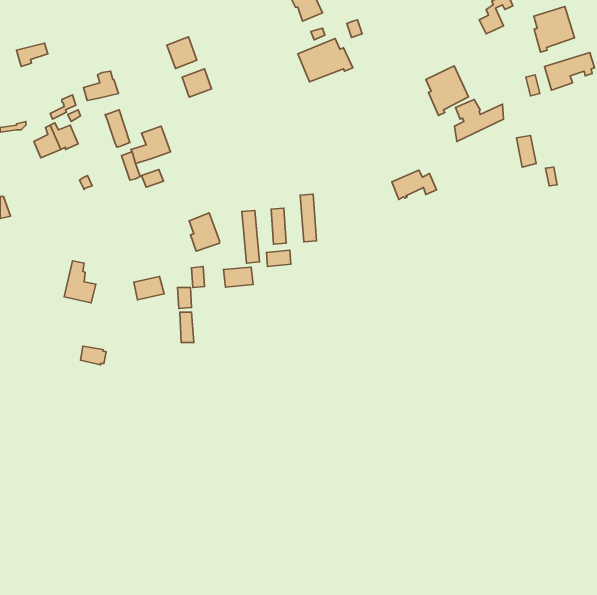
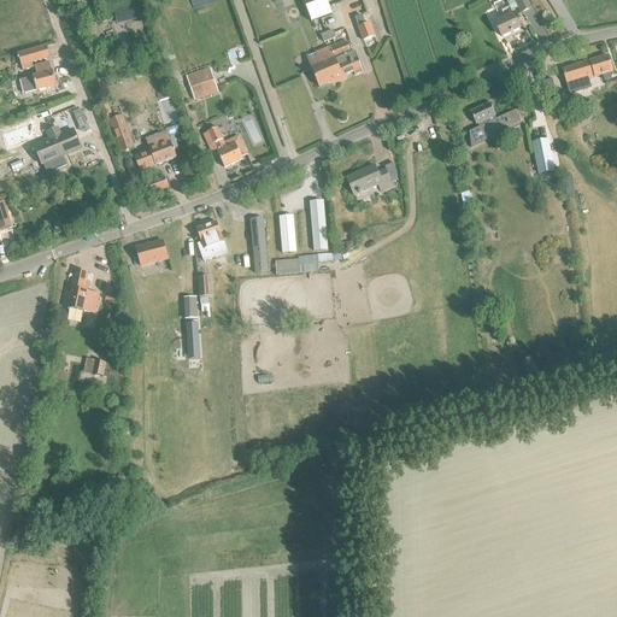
building: [534,6,574,52] -> none
building: [167,37,197,68] -> none
building: [426,66,469,115] -> none
building: [84,71,119,100] -> [20,61,57,92]
building: none -> [202,127,247,166]
building: [392,170,436,199] -> [347,164,393,194]
building: [224,267,253,287] -> none
building: [134,276,164,300] -> [136,240,168,264]

